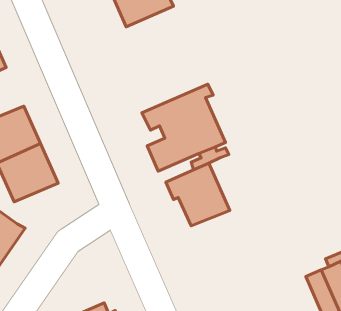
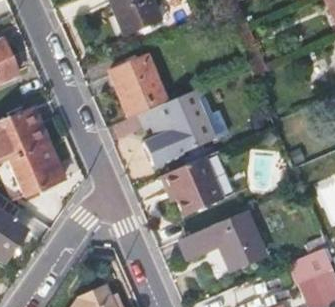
building: none -> [110,55,168,117]
building: none -> [181,209,269,266]

